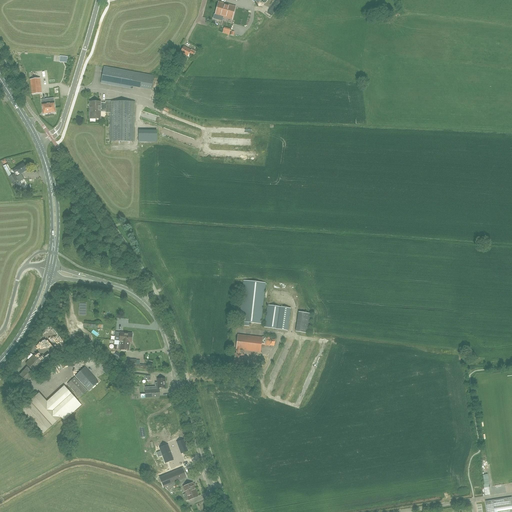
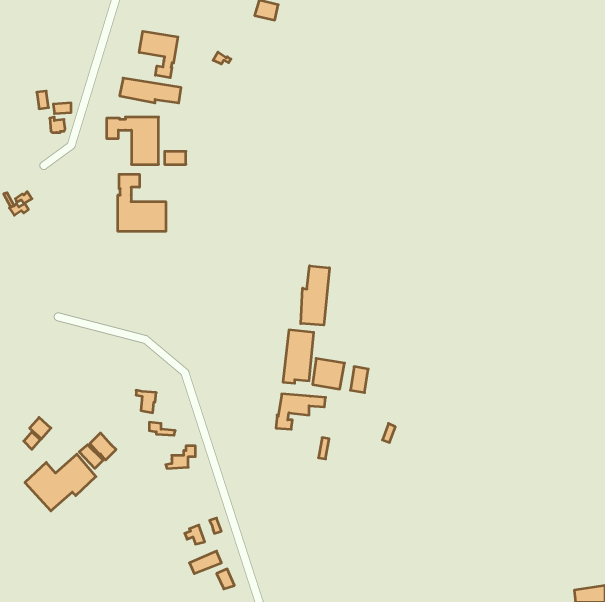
building: none -> [139,31,178,78]
building: none -> [118,174,166,231]
building: none -> [301,266,329,325]

